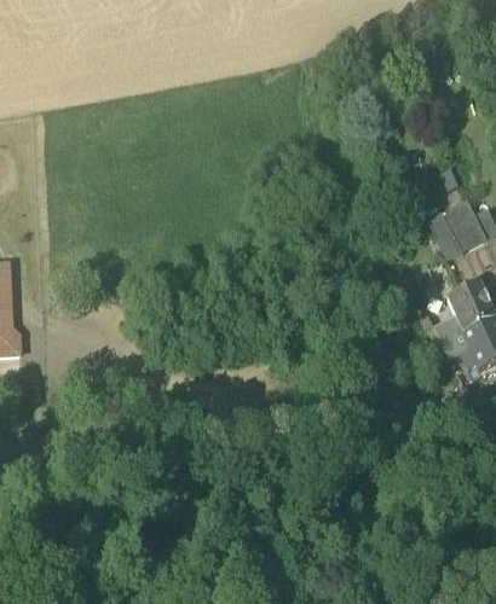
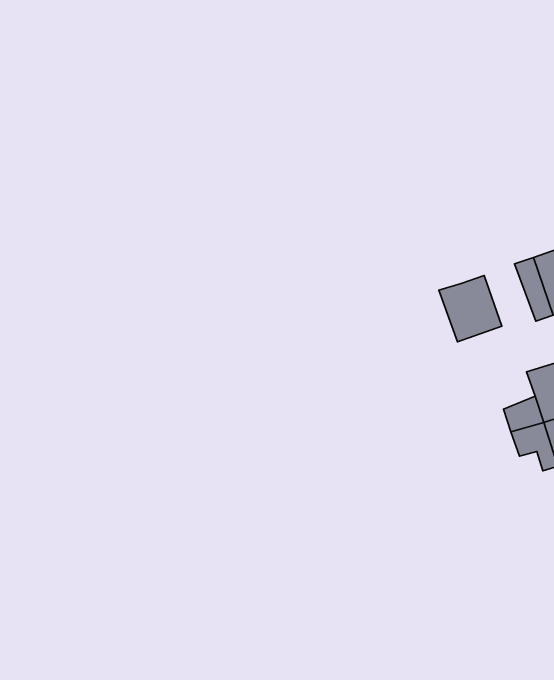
building: none -> [439,276,502,342]

